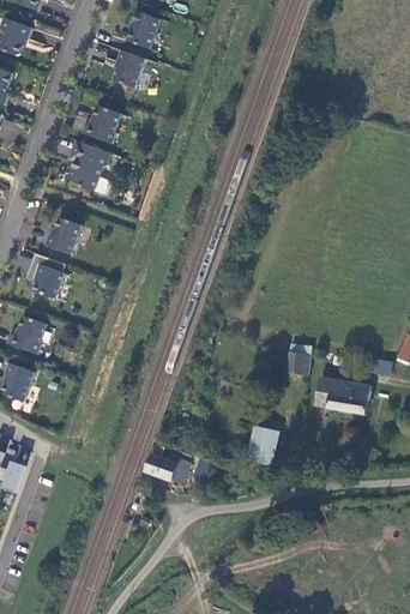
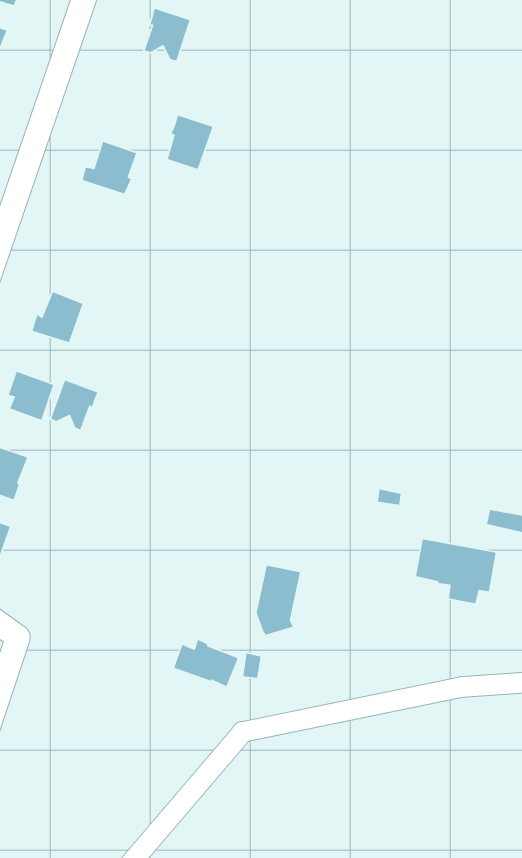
building: [114,49,146,88] -> [167,114,214,170]
building: [64,139,110,191] -> none
building: none -> [50,380,99,431]
building: [248,431,279,480] -> [256,565,301,636]

